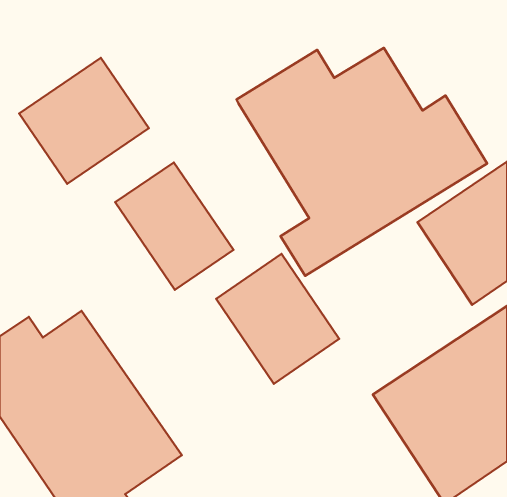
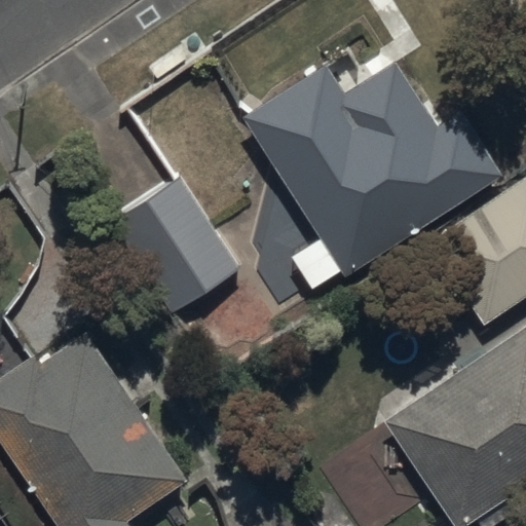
building: [19,58,149,184] -> none
building: [216,254,339,384] -> none

